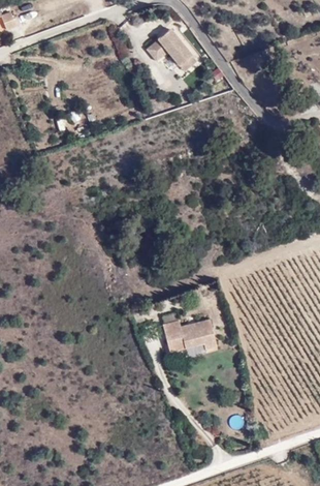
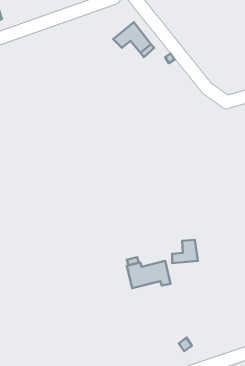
building: none -> [172,240,198,263]

